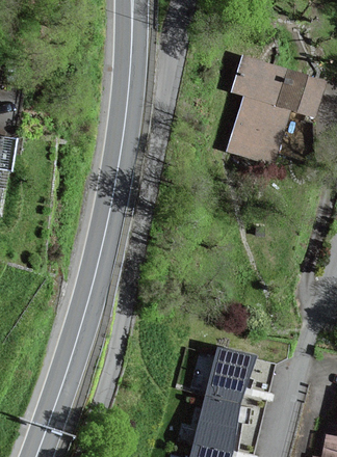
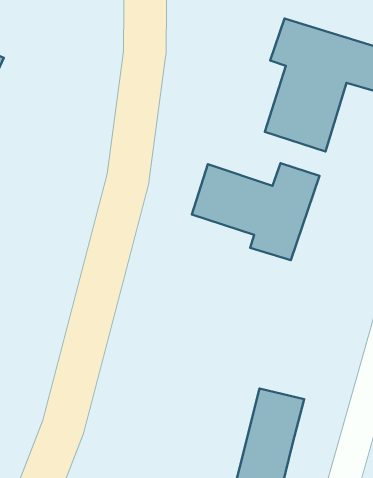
building: none -> [192,163,319,260]

